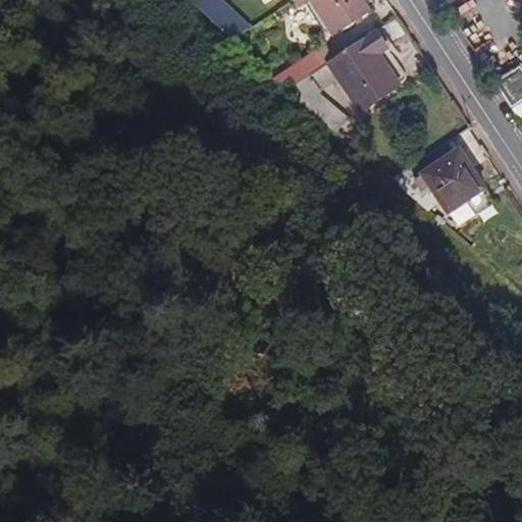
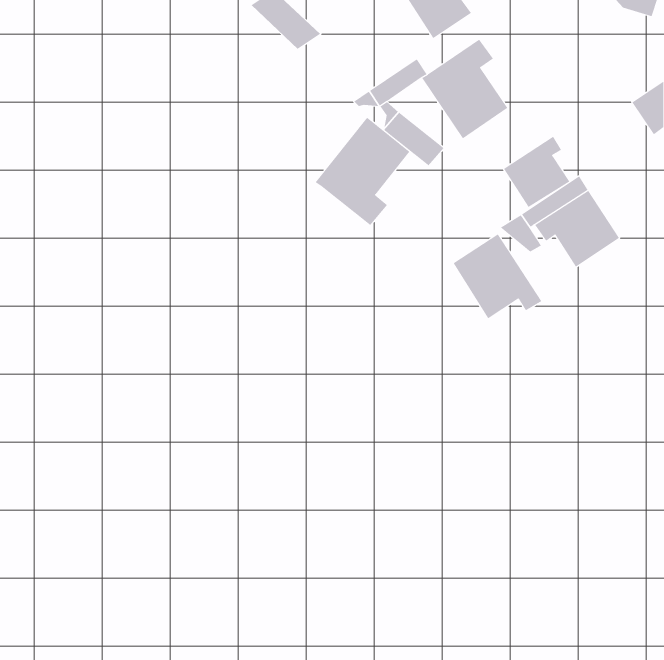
building: none -> [315,117,410,226]
building: none -> [503,136,570,208]
building: none -> [453,233,542,319]

